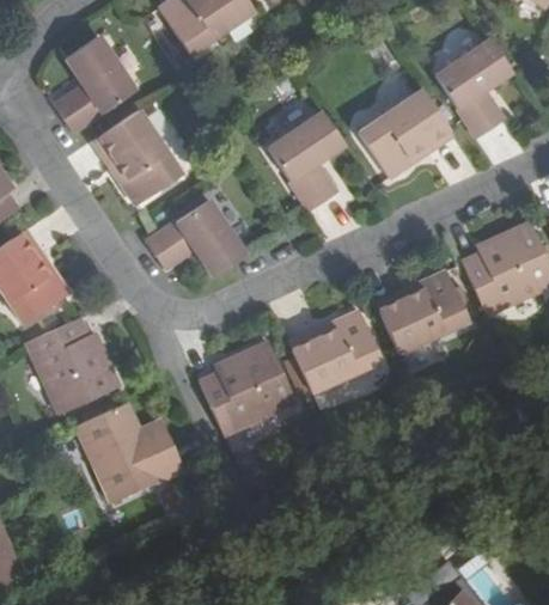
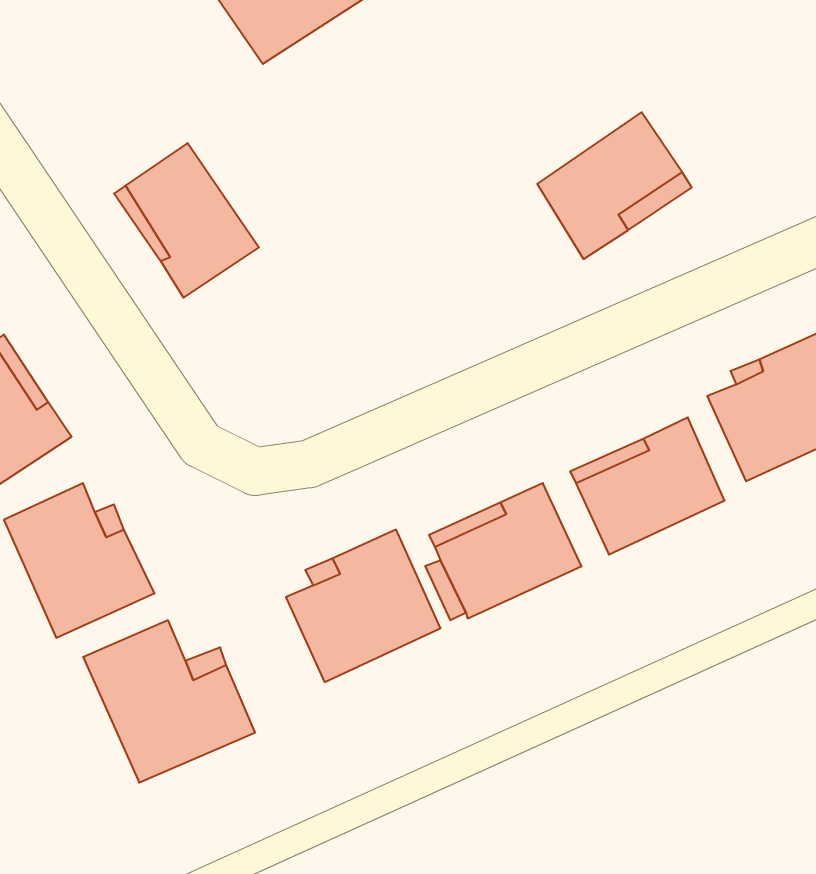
building: [435,36,510,136] -> none
building: [55,37,134,129] -> none
building: [266,110,343,210] -> none
building: [146,198,245,274] -> none

